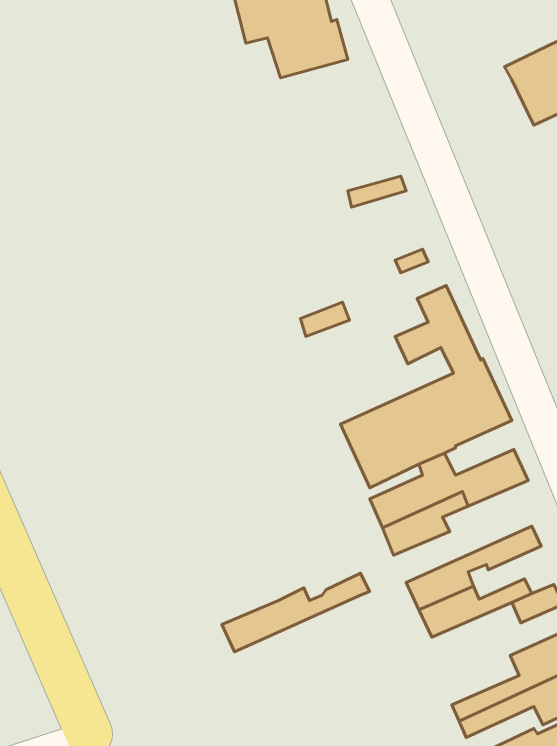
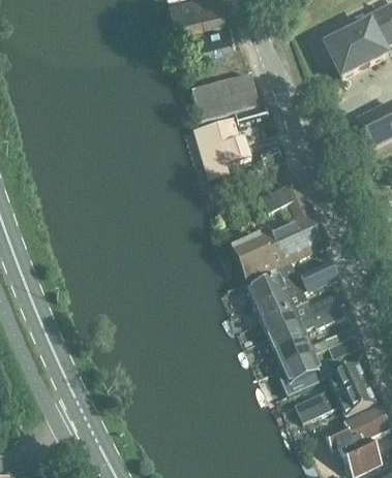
building: none -> [191,73,259,120]
building: none -> [194,117,250,179]
building: [222,573,370,652] -> [261,291,344,336]
building: none -> [282,353,321,392]

